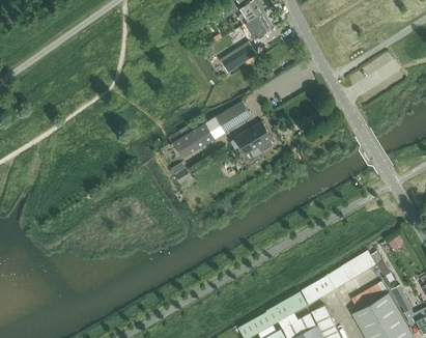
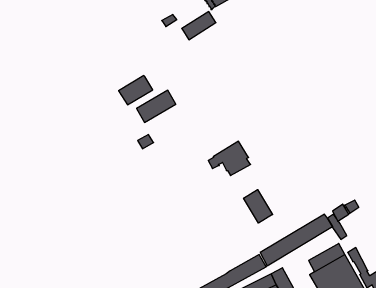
building: [216,101,251,131] -> [119,76,153,105]
building: [230,120,274,156] -> [208,141,251,176]
building: none -> [244,190,273,223]

